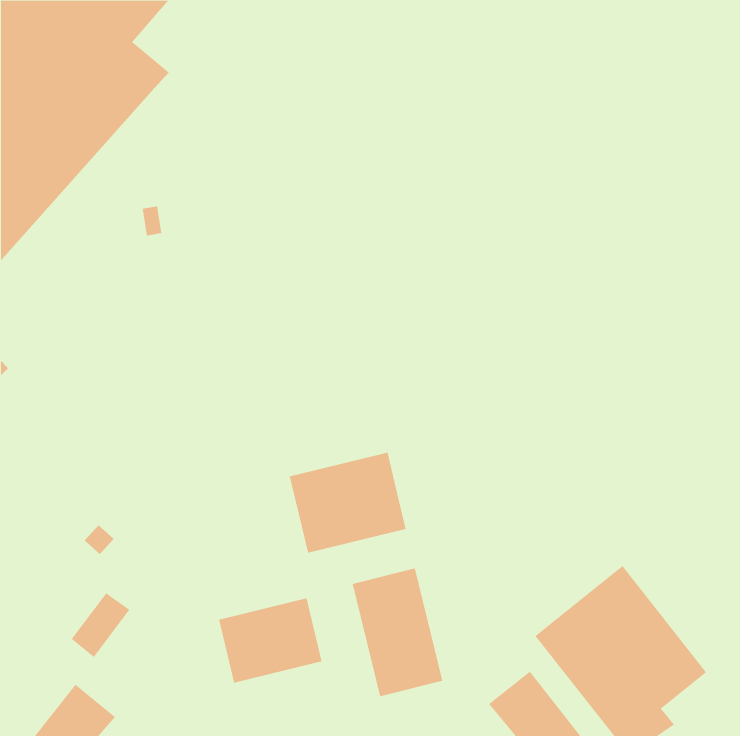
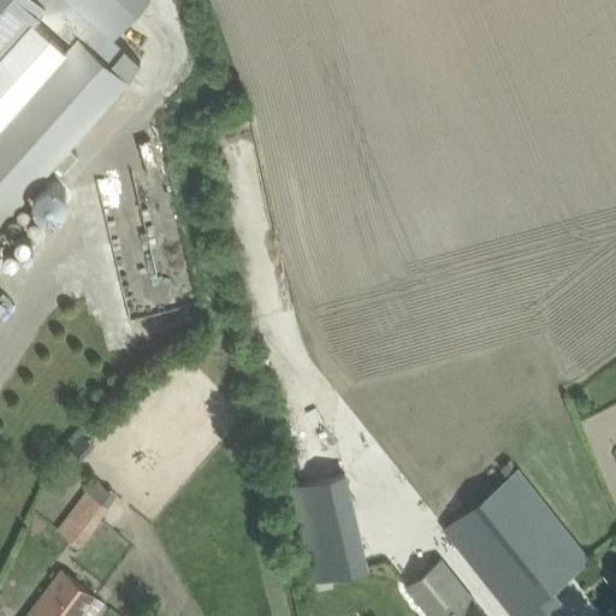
building: [289,452,406,554] -> none
building: [218,598,322,683] -> none

